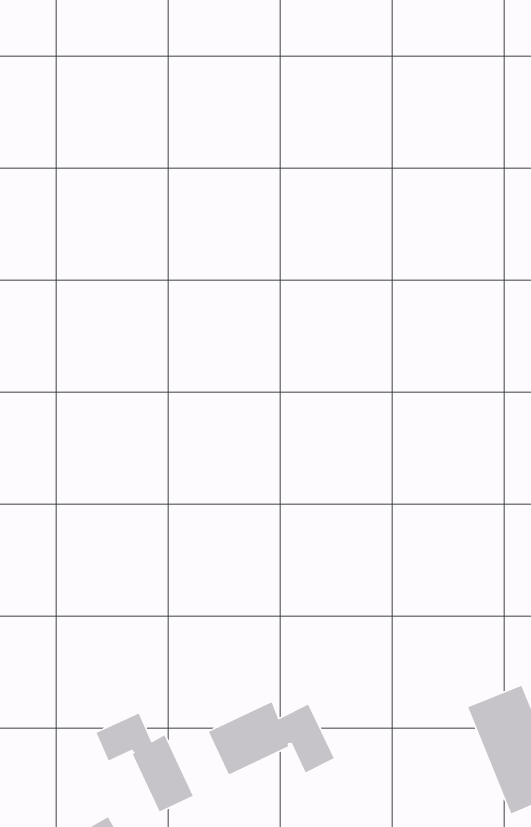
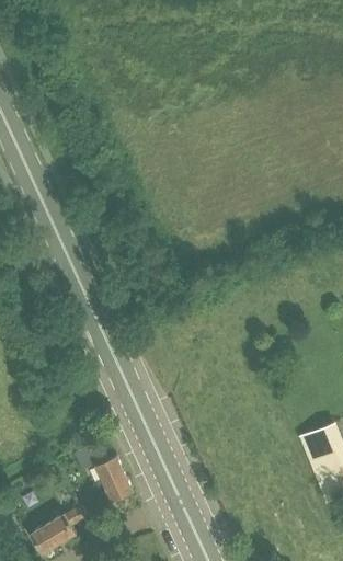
building: [208,701,335,776] -> none

